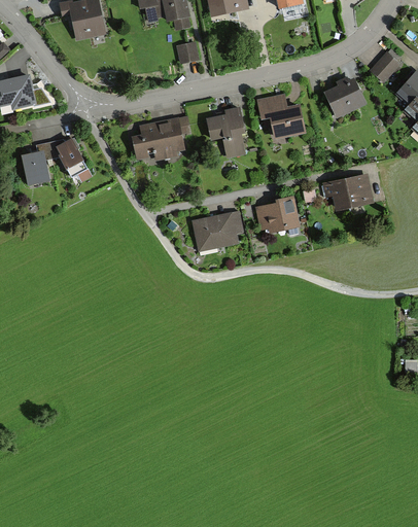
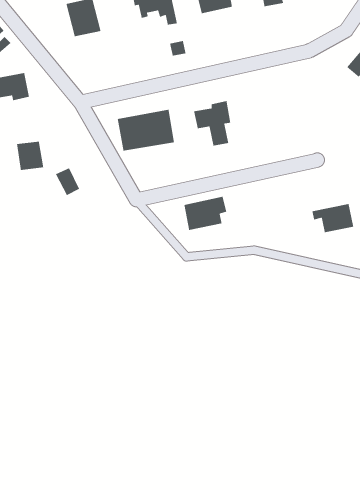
building: [323,80,364,118] -> none
building: [258,96,305,141] -> none
building: [51,138,78,169] -> [55,167,80,196]
building: [326,174,372,206] -> [312,203,354,233]
building: [259,194,301,226] -> none

